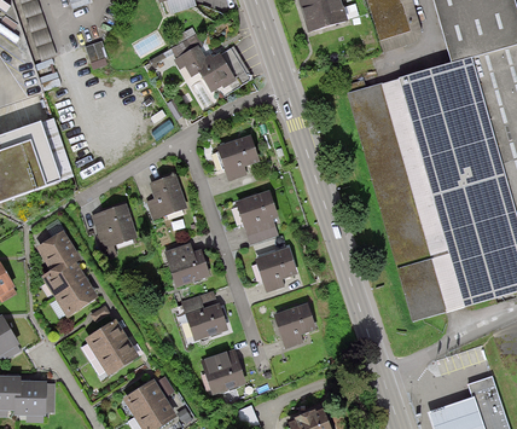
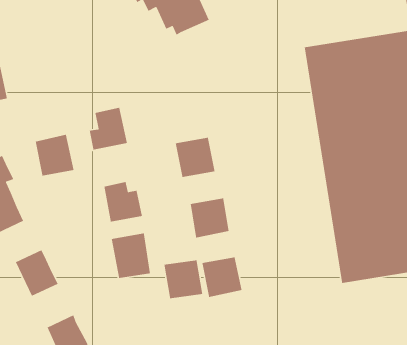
building: [216,135,260,179] -> none
building: [203,352,245,394] -> [164,259,203,299]

